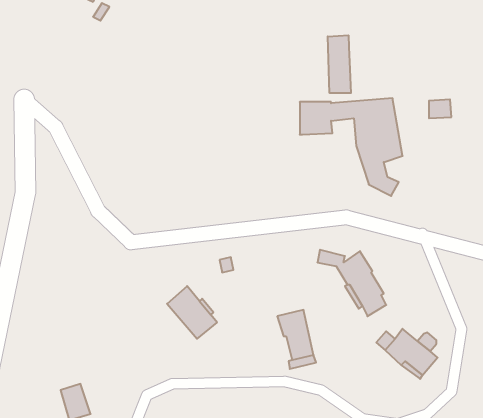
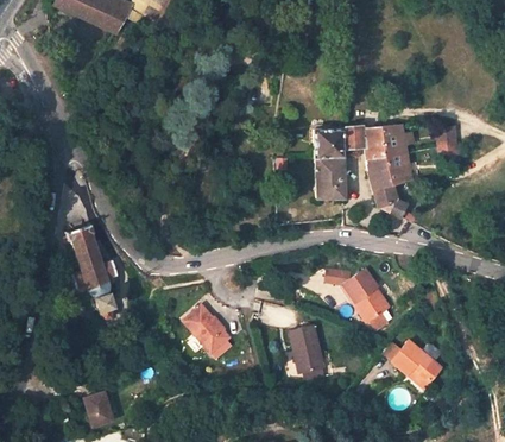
building: [328,35,351,93] -> none
building: none -> [315,159,343,200]
building: none -> [65,225,118,321]

